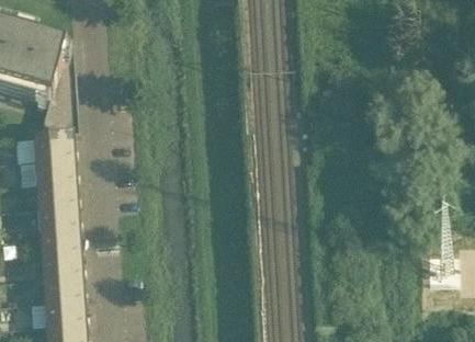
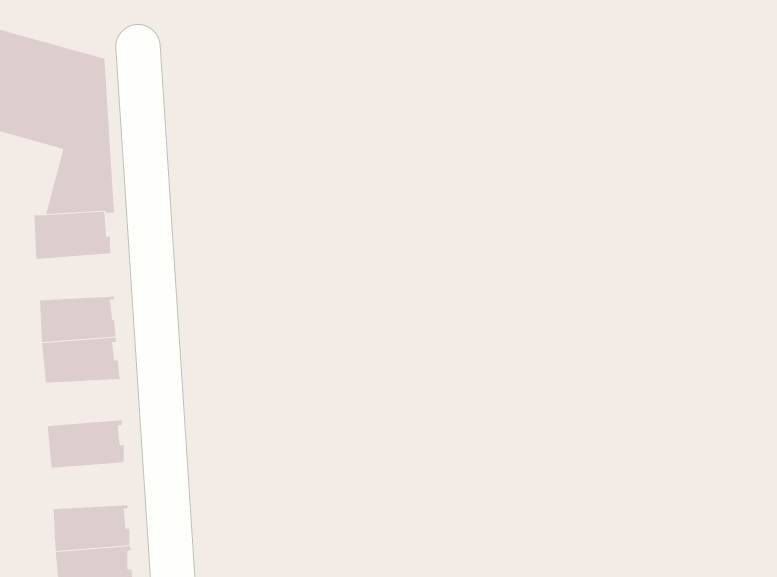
building: [31,152,76,179] -> none
building: [36,224,80,250] -> none
building: [39,271,83,297] -> none

